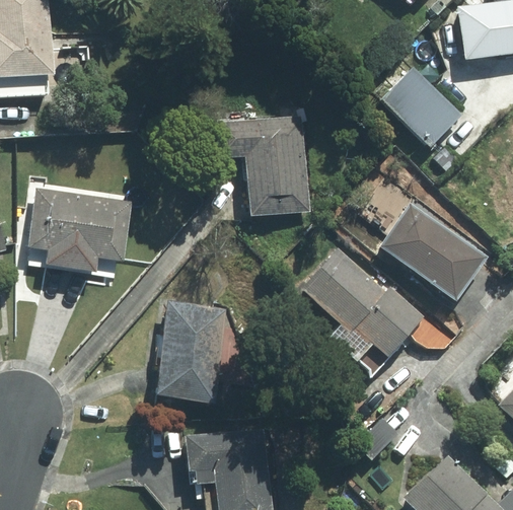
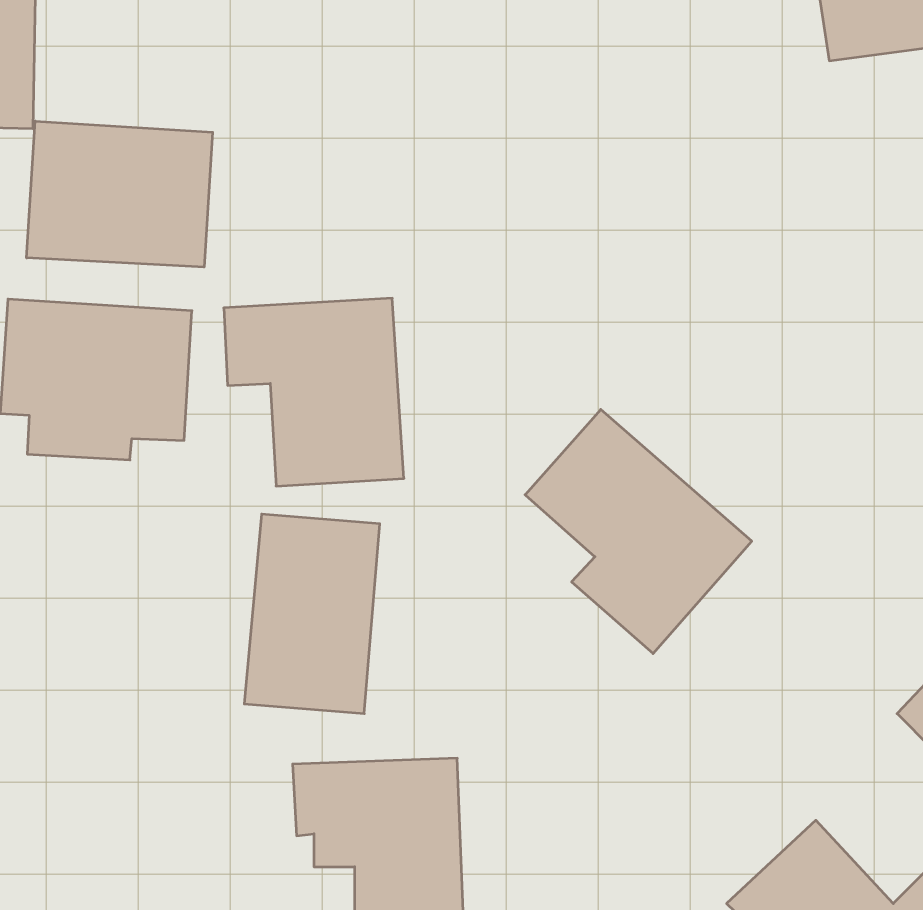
building: [382,67,463,148] -> none
building: none -> [27,121,213,267]
building: [218,117,312,215] -> [224,298,404,486]
building: [374,199,490,304] -> none

